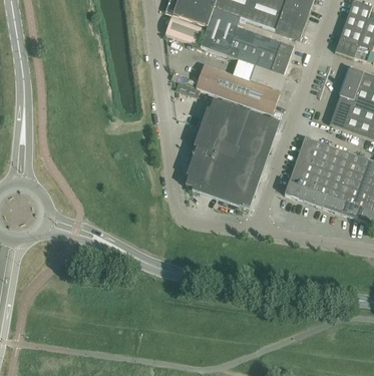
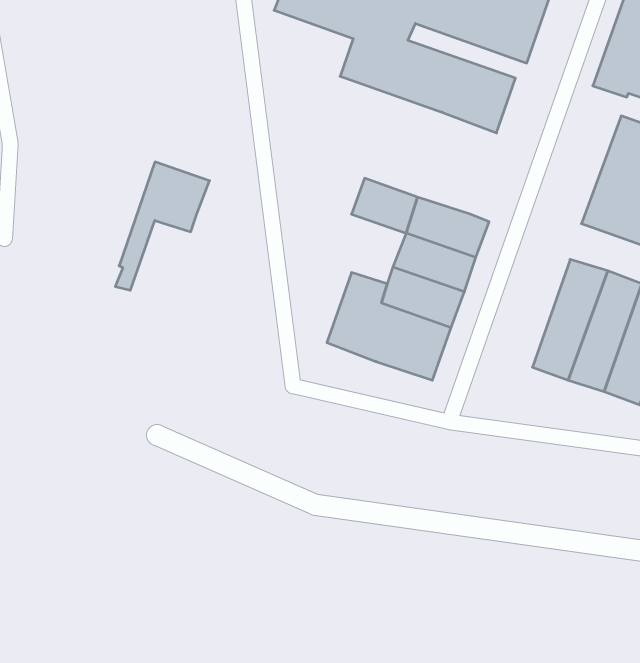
building: [164,15,201,43] -> none
building: [196,63,285,113] -> none
building: [184,118,235,186] -> [115,162,210,290]
building: [284,135,322,200] -> none

